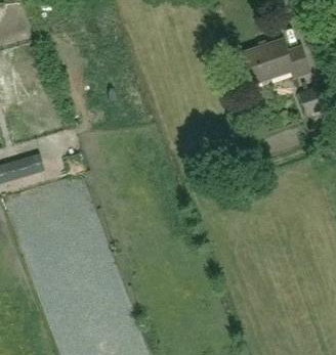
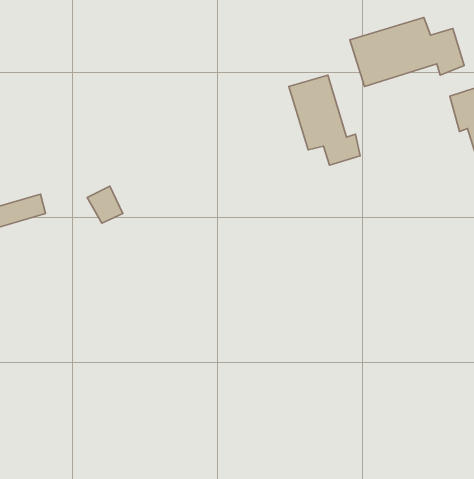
building: none -> [289,75,360,165]

